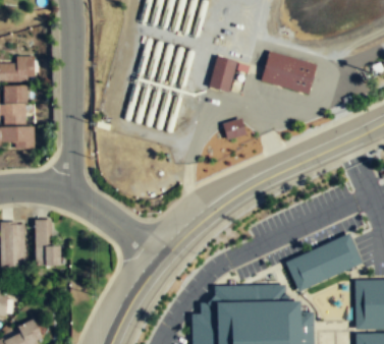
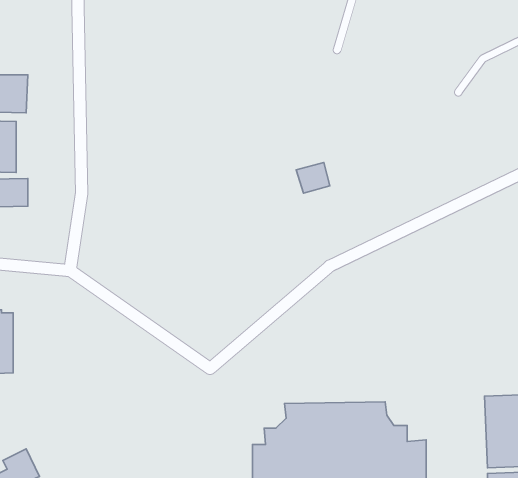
building: [261,53,317,94] -> none
building: [210,57,236,93] -> none
building: [36,217,61,264] -> none
building: [286,233,363,291] -> none

